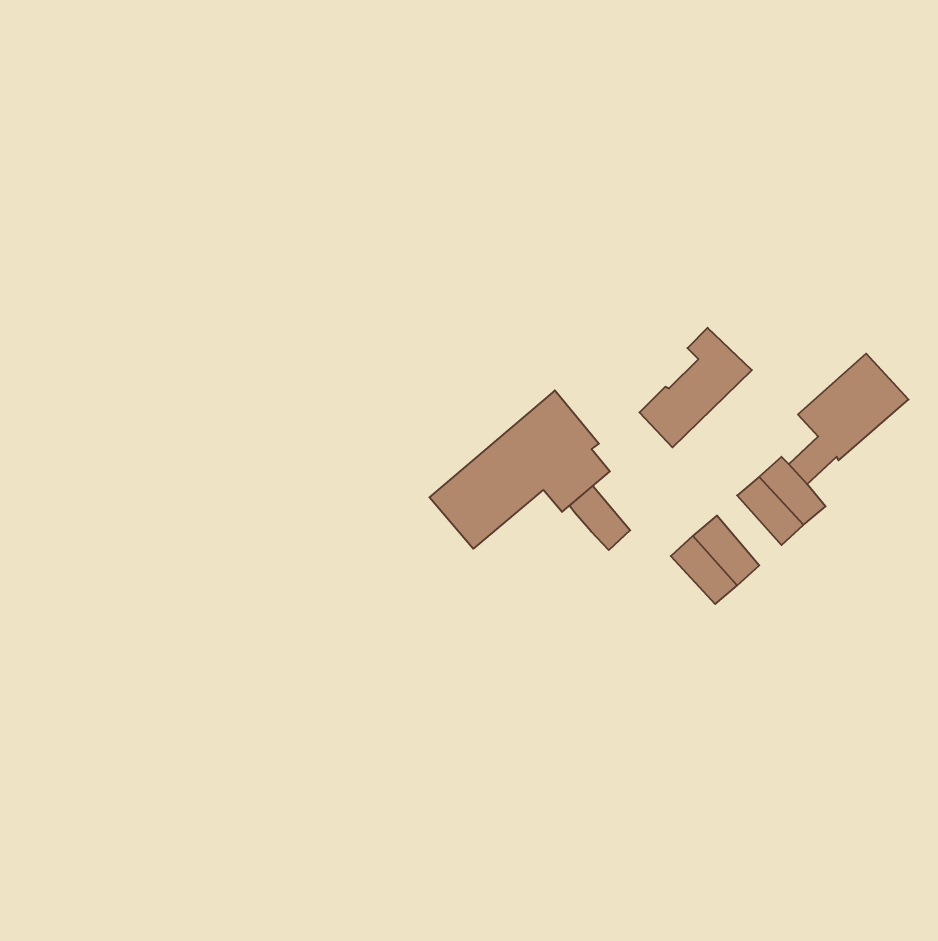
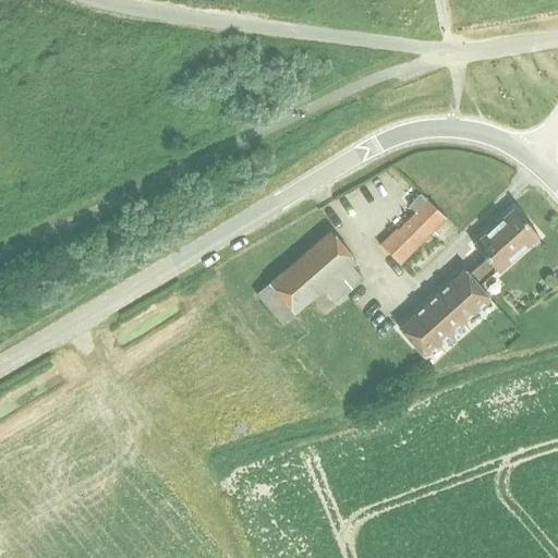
building: [570,486,630,550] -> none
building: none -> [426,293,464,335]

